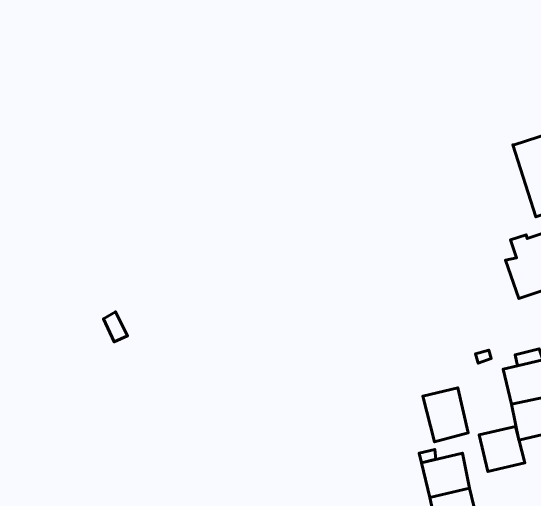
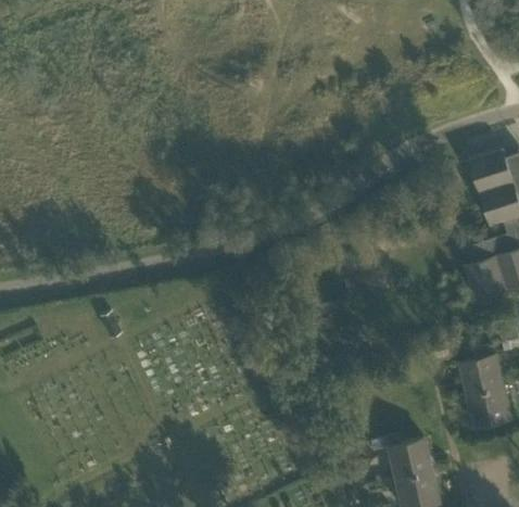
building: [423,388,468,442] -> none
building: [479,427,525,472] -> none

